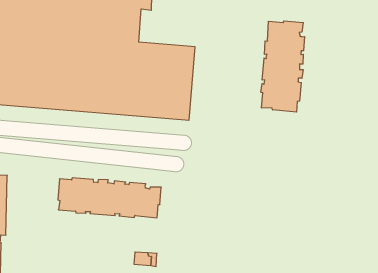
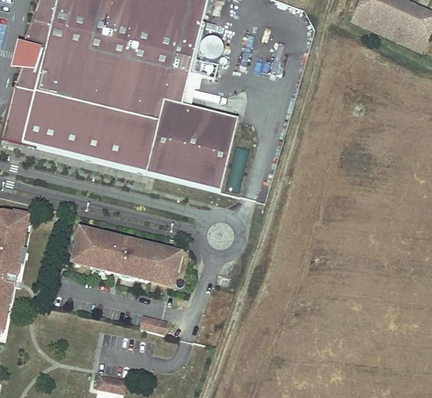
building: [261,21,305,112] -> none

